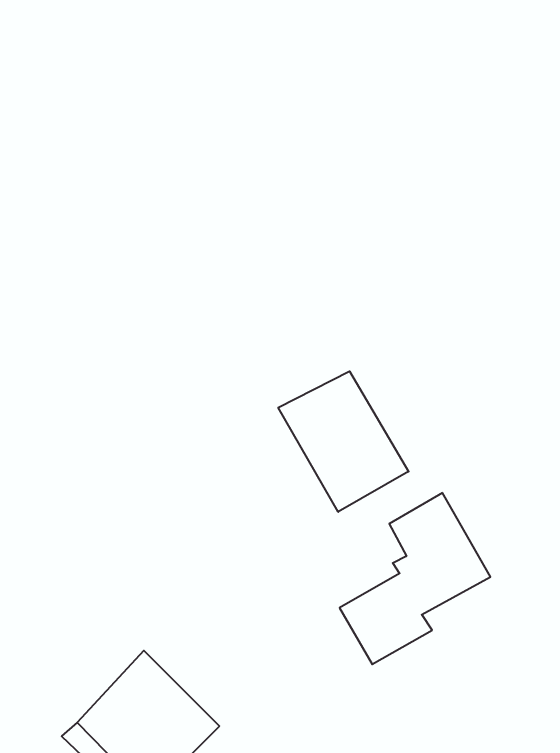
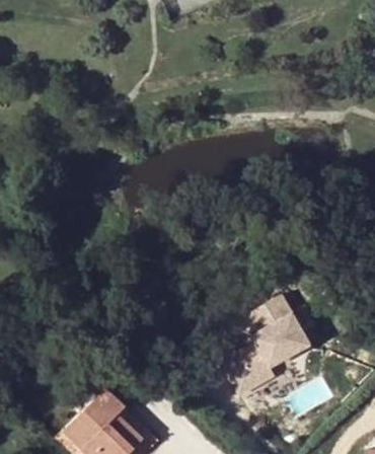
building: [278,371,409,512] -> none

